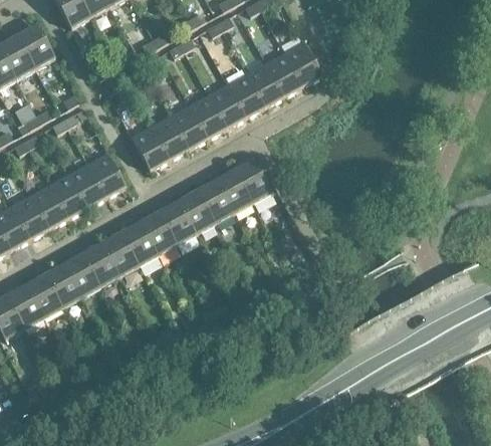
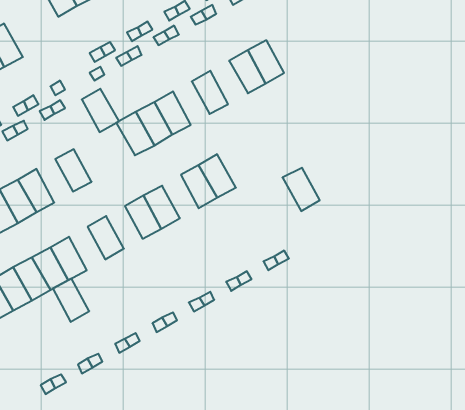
building: [16,24,55,69] -> none
building: [284,41,322,85] -> none
building: [227,73,265,118] -> none
building: [189,94,226,139] -> none
building: [87,153,126,197] -> [82,89,119,132]
building: [234,159,272,203] -> [282,168,320,211]
building: [49,174,86,218] -> none
building: [178,190,215,234] -> none
building: [120,222,158,265] -> none
building: [82,243,119,287] -> [53,279,89,322]

